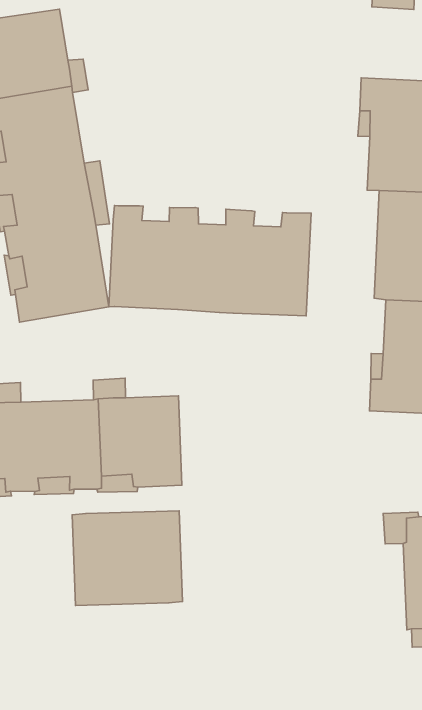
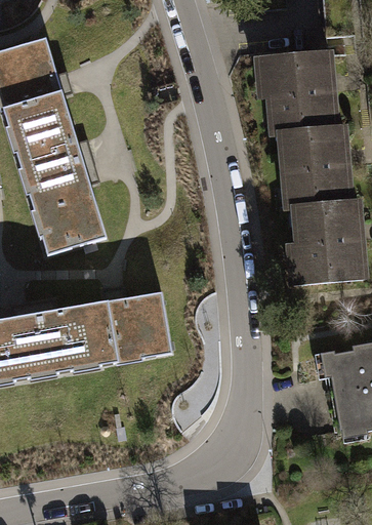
building: [109,206,311,316] -> none
building: [72,511,182,606] -> none

